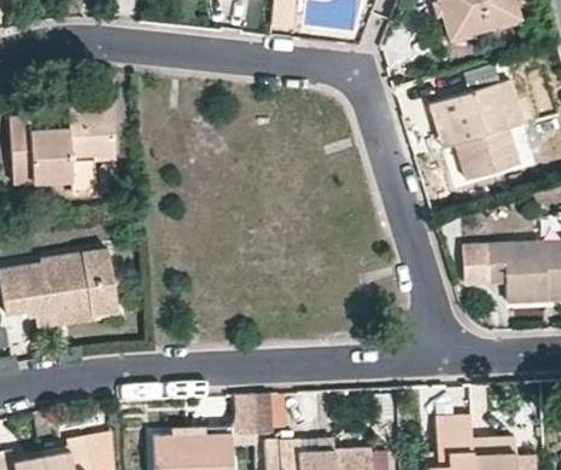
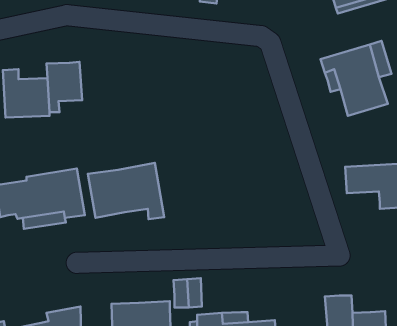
building: none -> [88,163,164,219]

